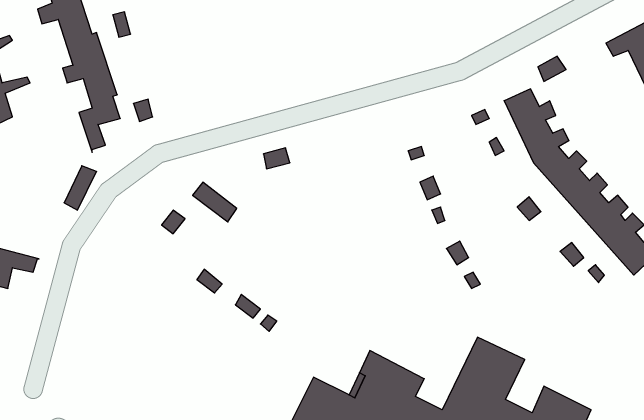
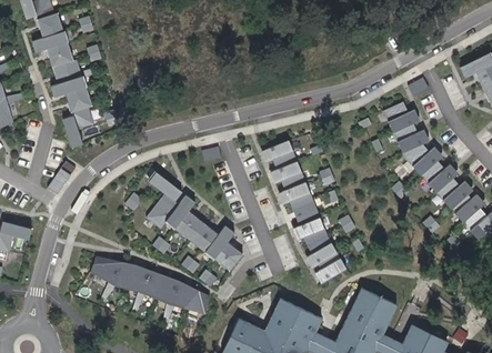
building: none -> [268,139,347,279]
building: none -> [145,194,242,270]
building: none -> [90,255,209,323]

